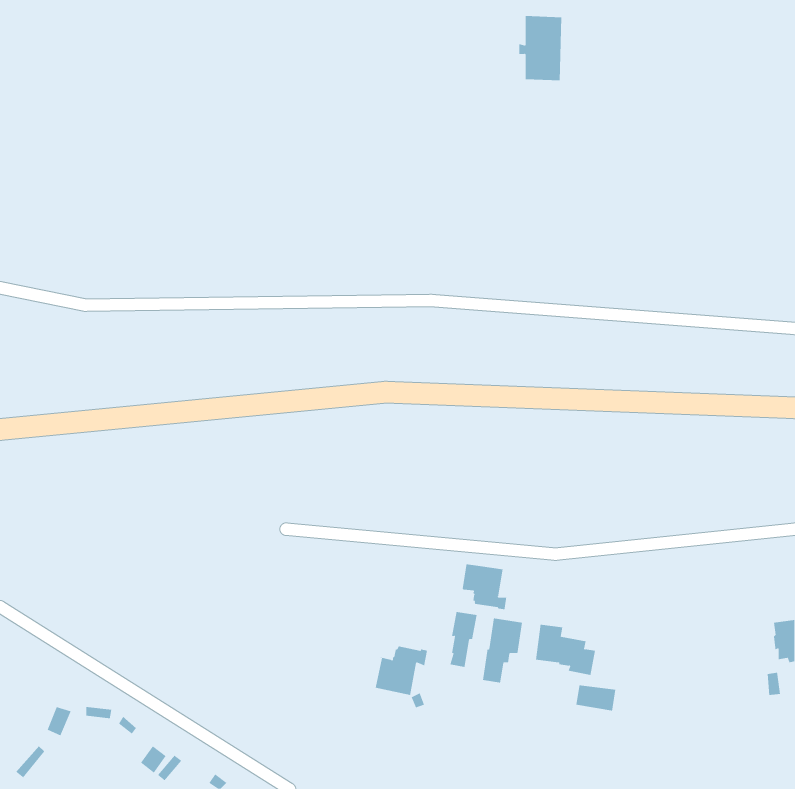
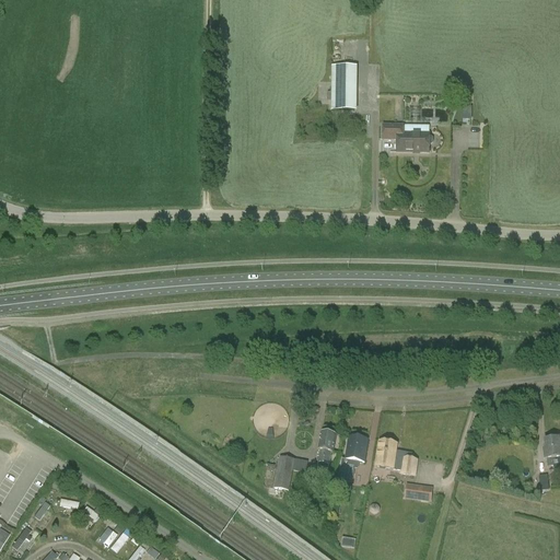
building: [519,16,562,81] -> [327,62,358,108]
building: none -> [383,122,433,150]
building: [460,563,507,610] -> none

